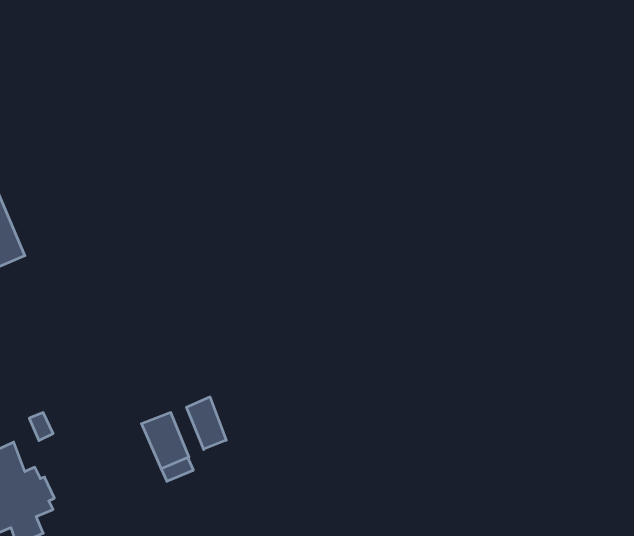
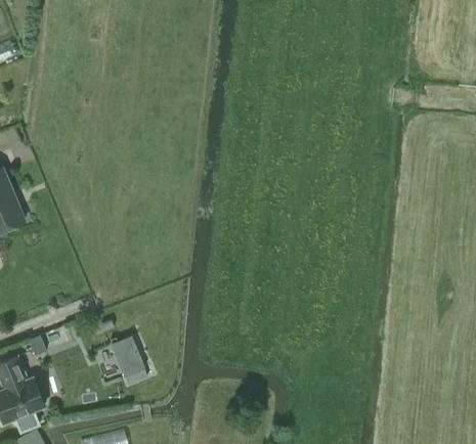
building: [187,397,226,450] -> none

